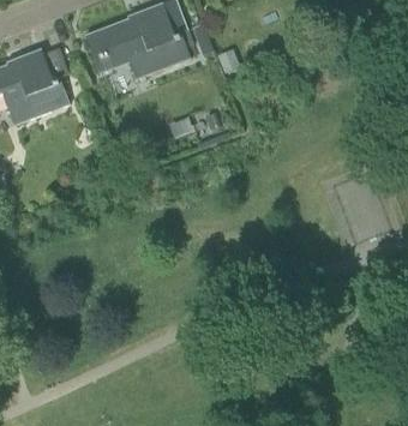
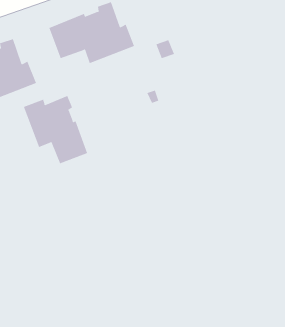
building: none -> [23,95,88,164]

